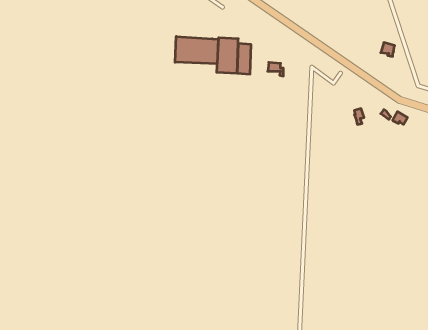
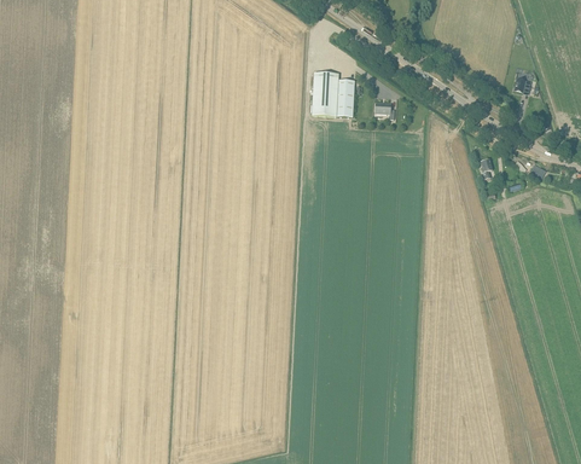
building: [175,36,218,64] -> none

